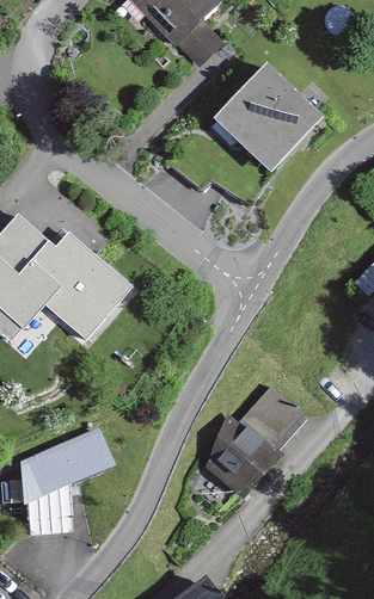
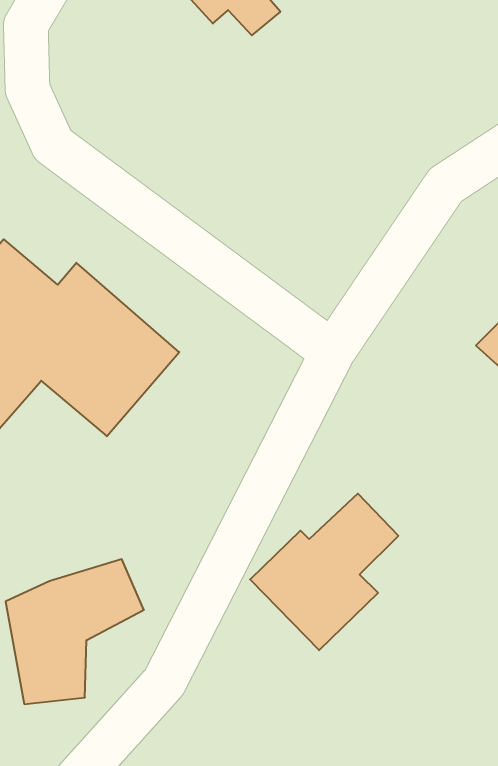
building: [195,61,311,175] -> none

